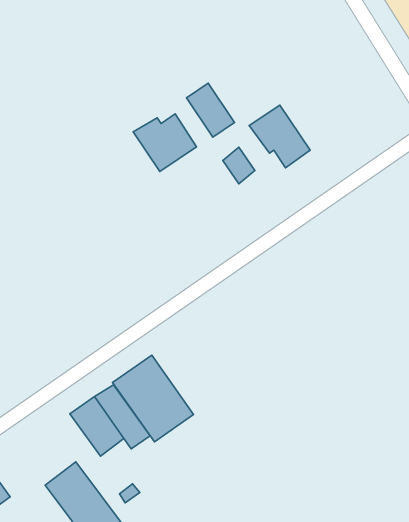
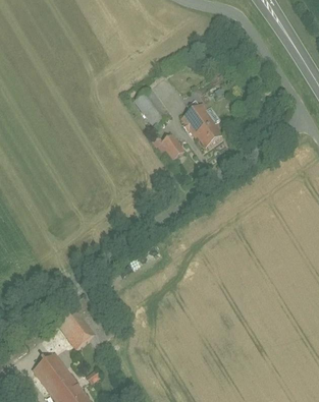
building: [133,114,197,172] -> none
building: [113,355,194,442] -> none

